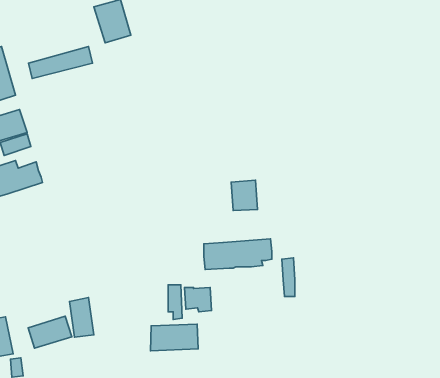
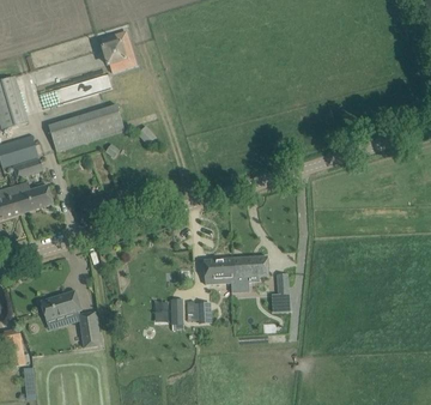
building: none -> [48,104,123,150]
building: [231,180,258,211] -> none
building: [28,316,72,348] -> [40,290,80,320]
building: [151,324,198,351] -> none

